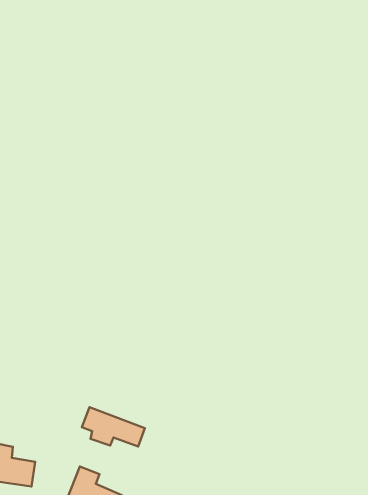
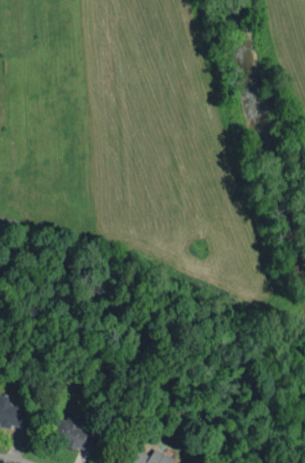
building: [82,407,145,447] -> none

